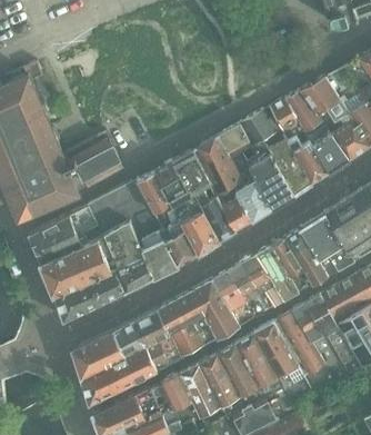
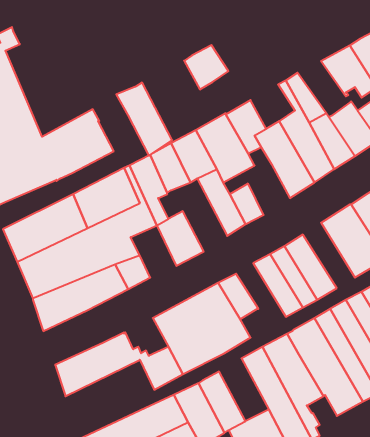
building: [279,91,320,139] -> none
building: [239,111,277,149] -> [184,45,228,89]
building: [234,179,272,223] -> none
building: [171,191,219,254] -> [116,83,172,156]
building: [283,229,328,285] -> none
building: [137,231,176,276] -> none
building: [227,264,269,318] -> none
building: [131,310,169,343] -> none
building: [212,345,254,398] -> none
building: [81,346,157,404] -> none

